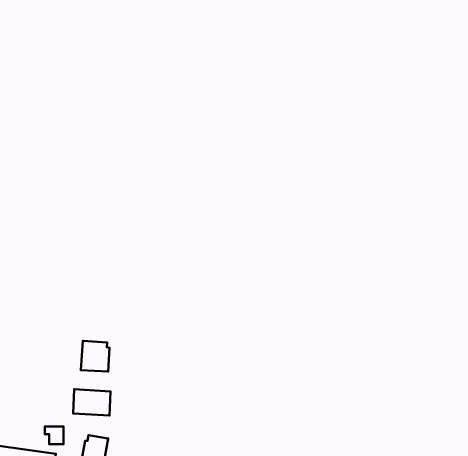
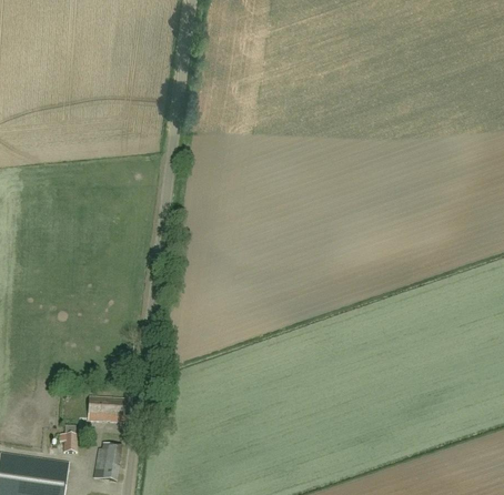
building: [81,341,109,372] -> none

